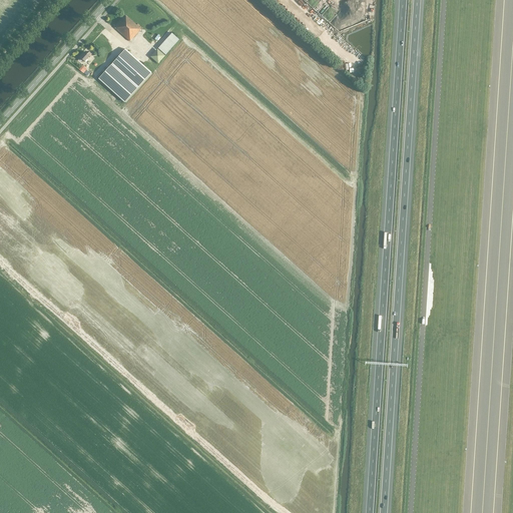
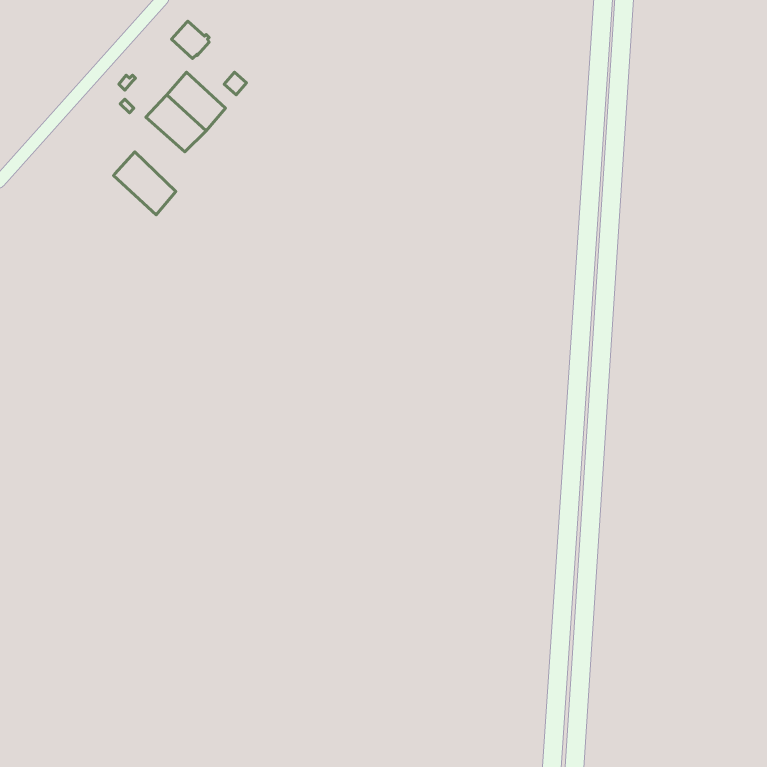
building: none -> [113,152,176,215]

